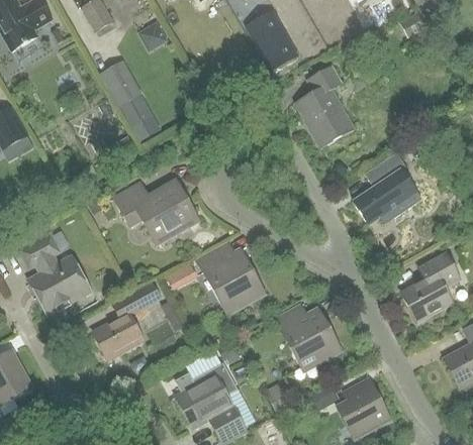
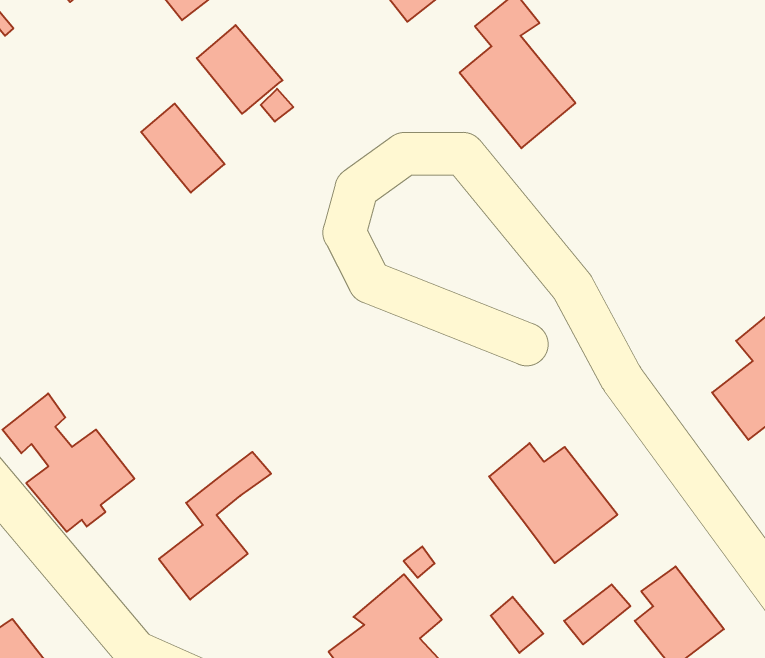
building: [100,59,144,106] -> [197,25,283,114]
building: [353,151,421,224] -> none
building: [114,181,195,242] -> none
building: [196,242,264,311] -> none

